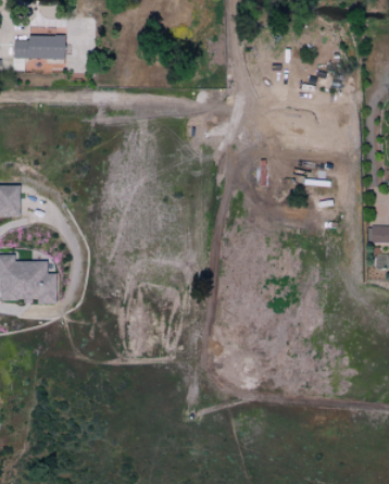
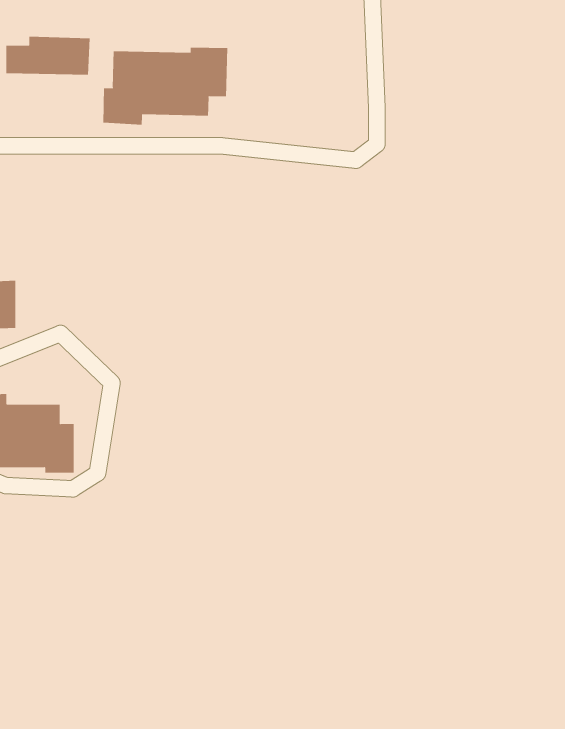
building: none -> [103,47,228,126]

